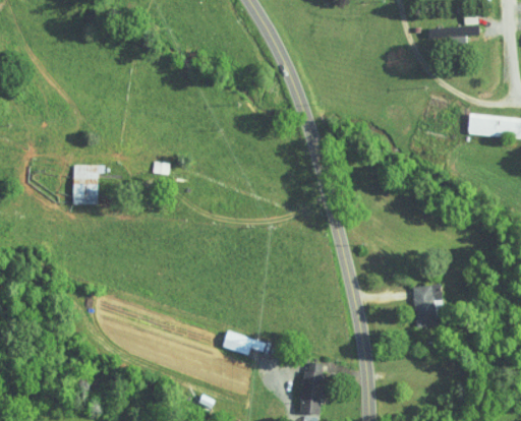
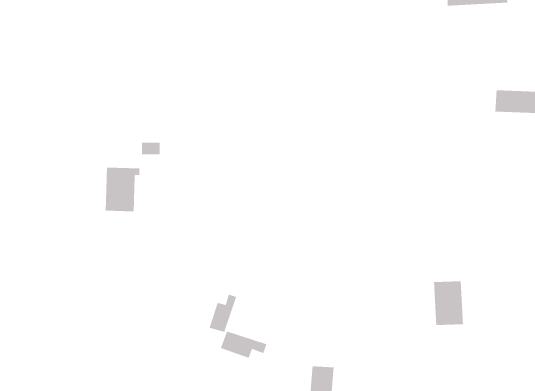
building: [72,164,104,204] -> [105,167,140,212]
building: none -> [209,294,237,333]

